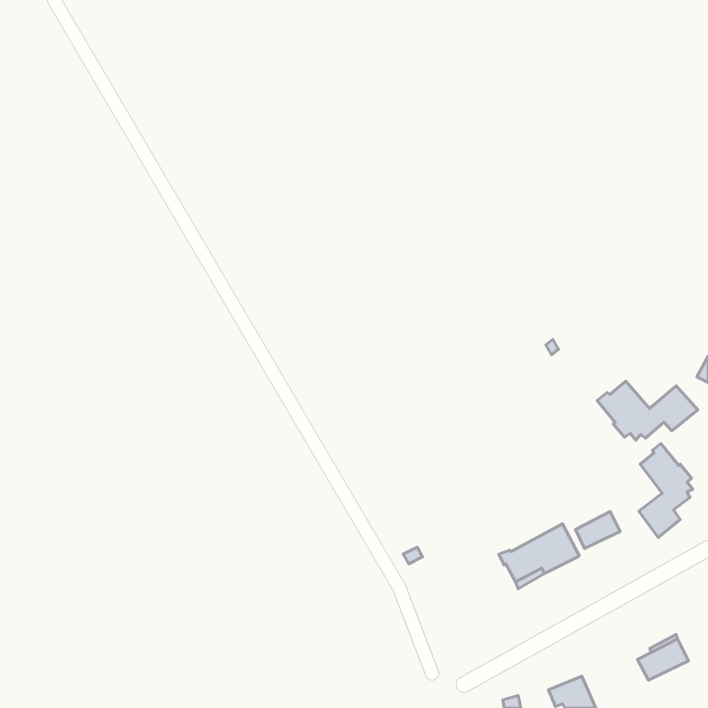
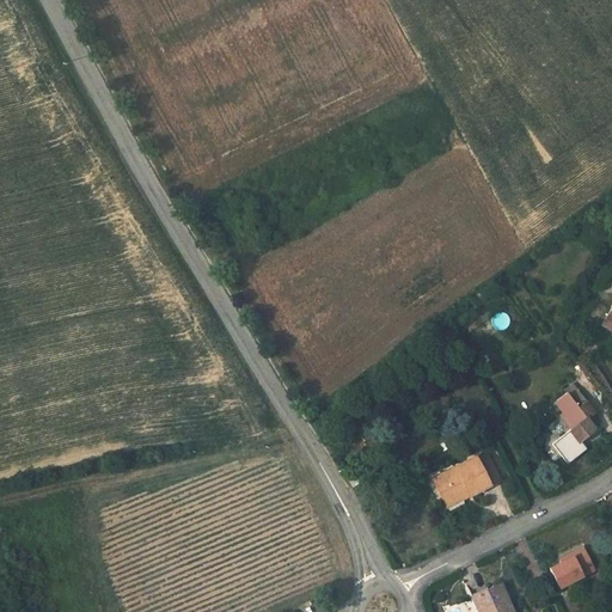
building: [597,381,698,440] -> none
building: [576,512,620,549] -> none

